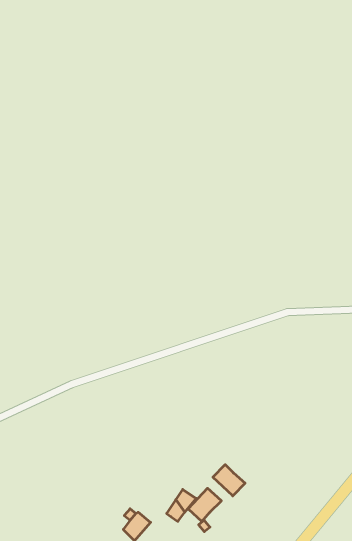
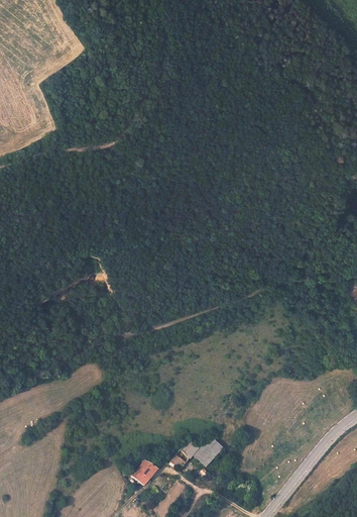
building: [213,465,245,496] -> none

